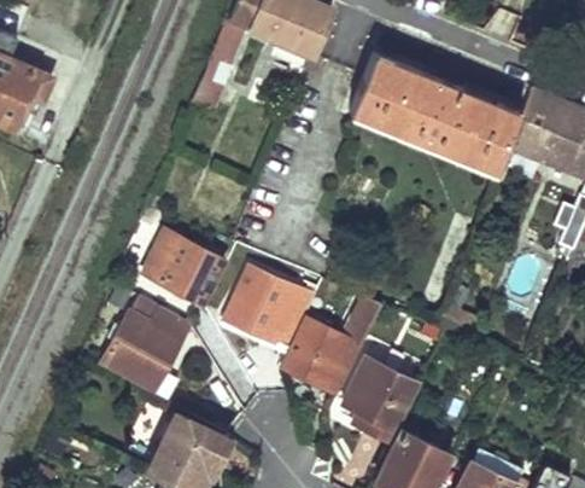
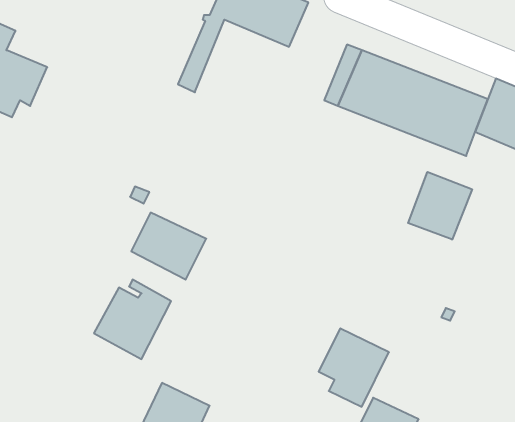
building: none -> [408,172,472,240]
building: [224,268,314,349] -> none
building: [283,296,381,396] -> none

